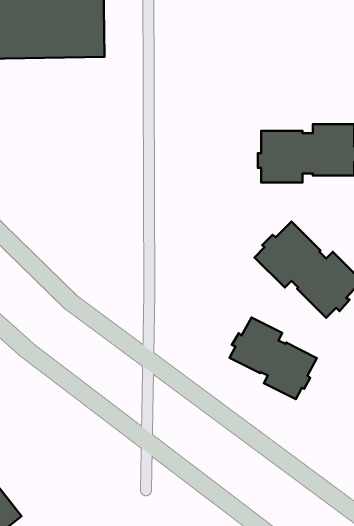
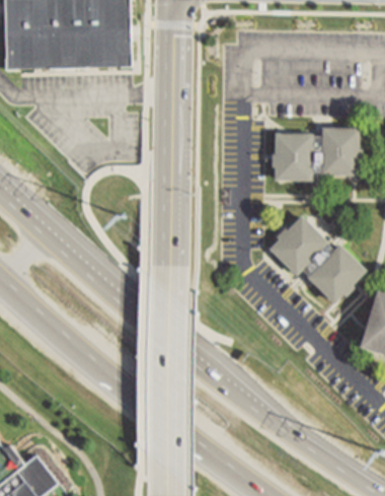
building: [229,317,317,399] -> none

